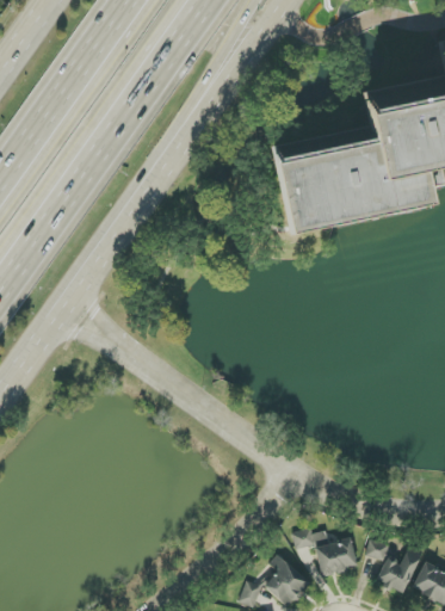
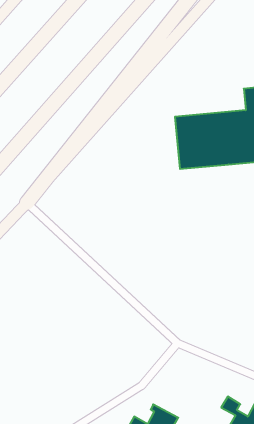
building: [292,525,358,573] -> none

